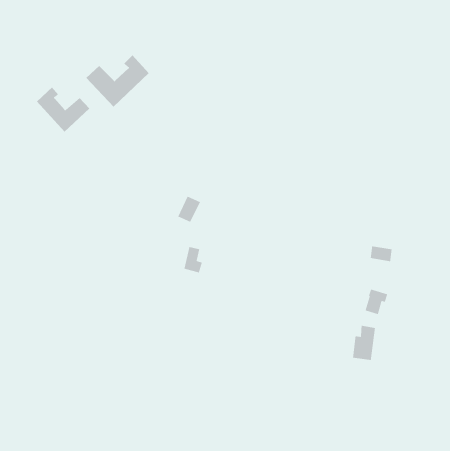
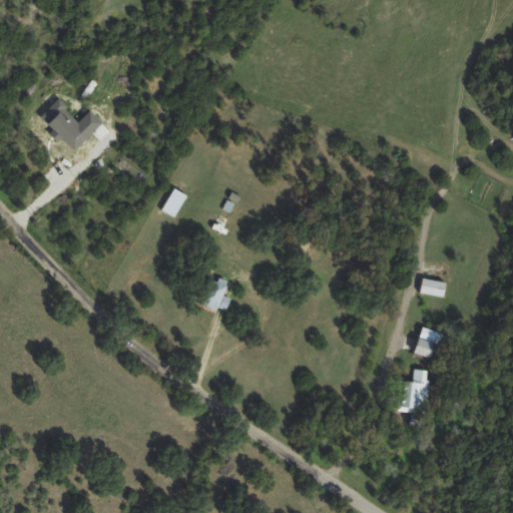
building: [86,55,150,108] -> none
building: [177,196,201,223] -> [160,187,187,218]

